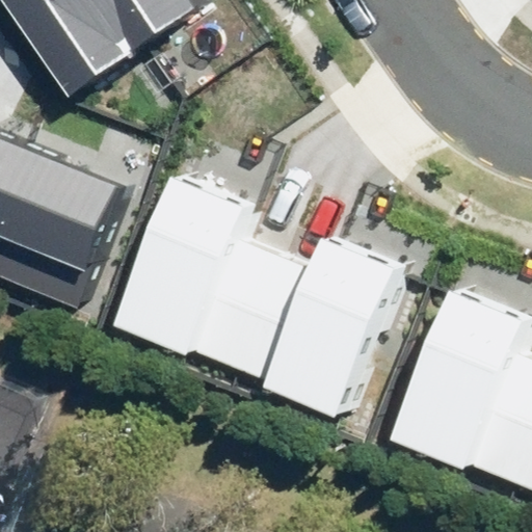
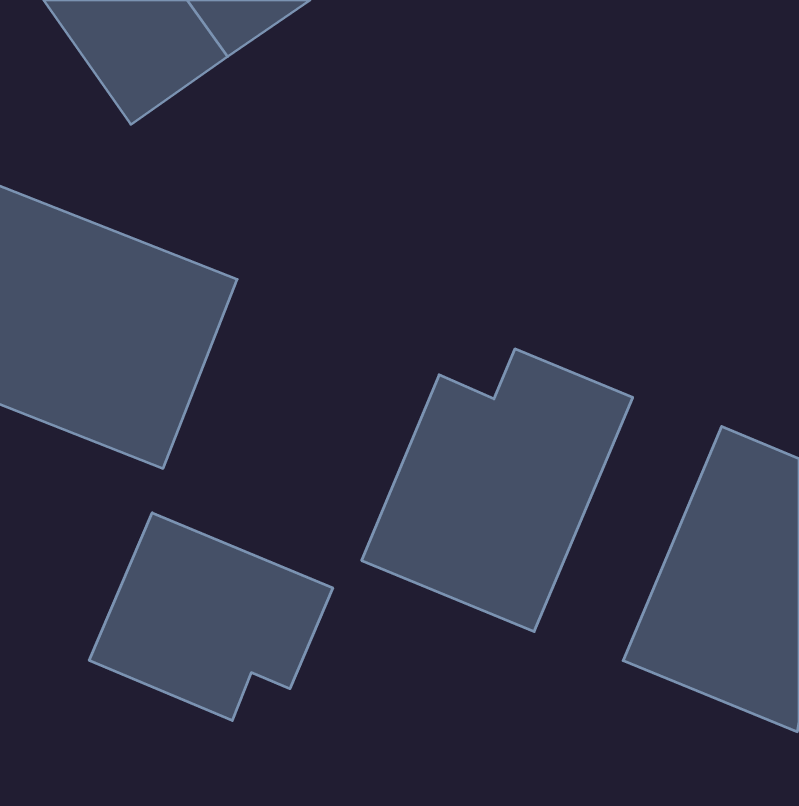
building: [121,176,283,373] -> none
building: none -> [89,513,333,721]

